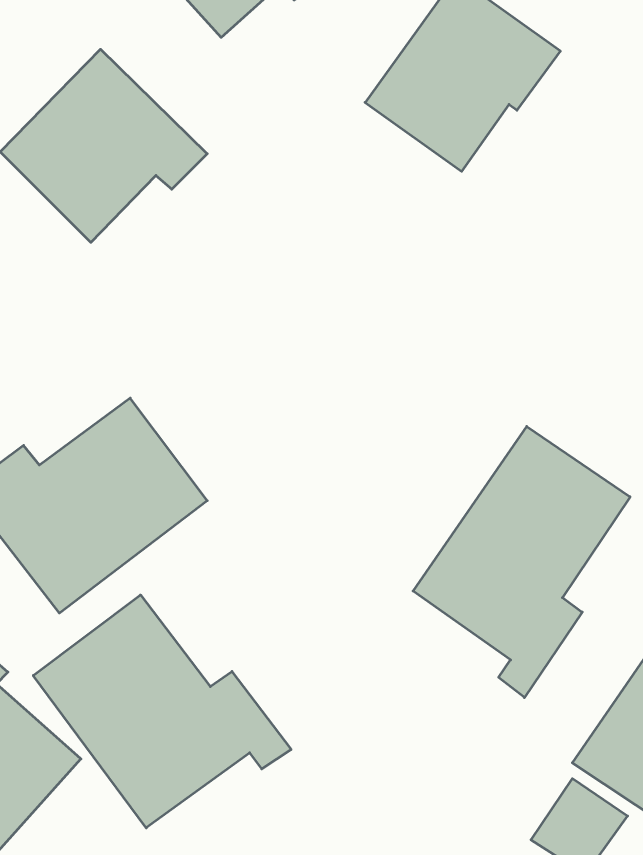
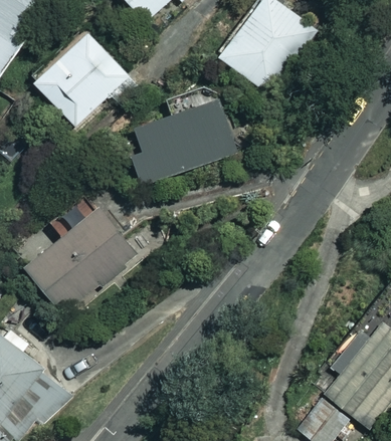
building: none -> [134,99,236,185]
building: [413,426,630,698] -> none
building: [33,595,291,828] -> none

